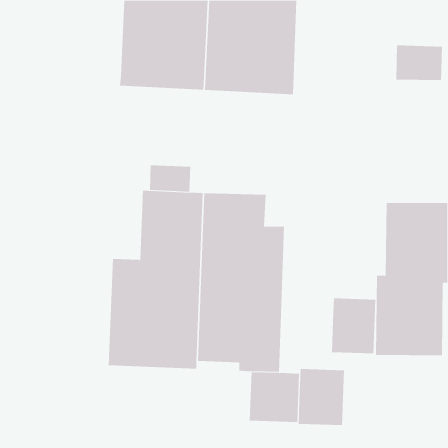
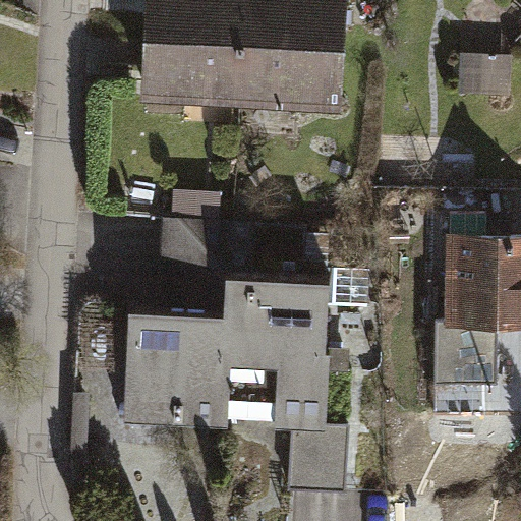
building: [332,298,376,354] -> none
building: [298,368,344,426] -> none

